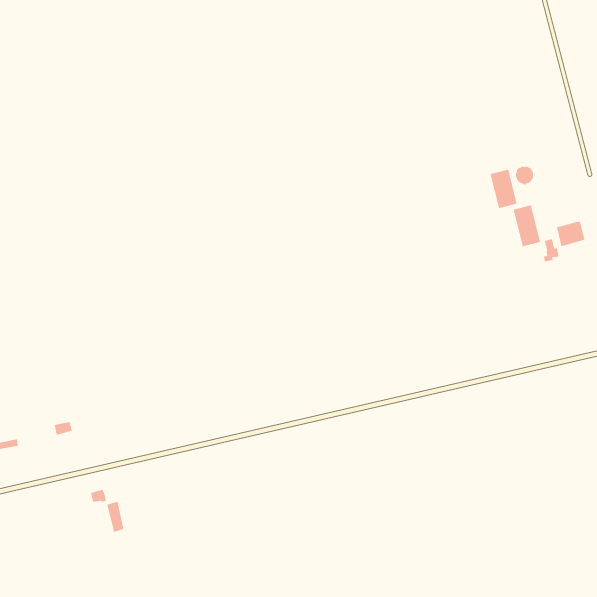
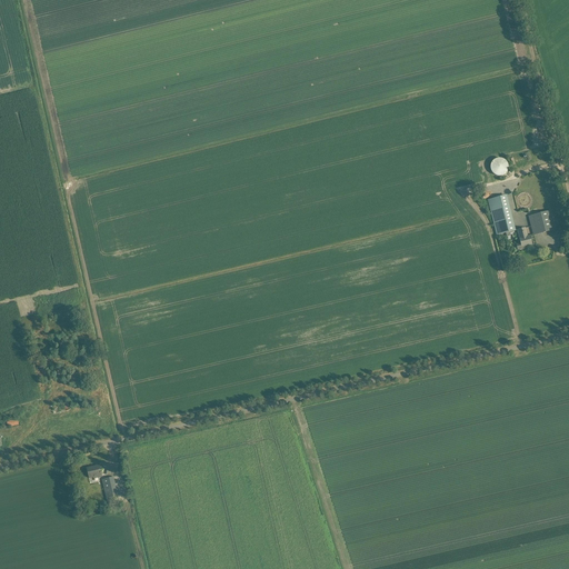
building: [490,169,517,209] -> none

